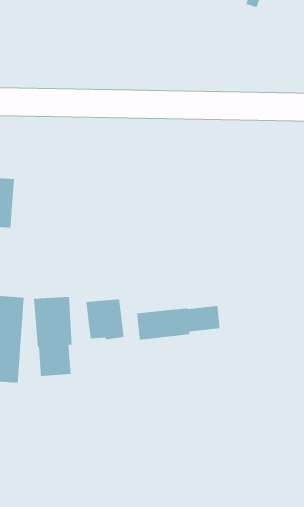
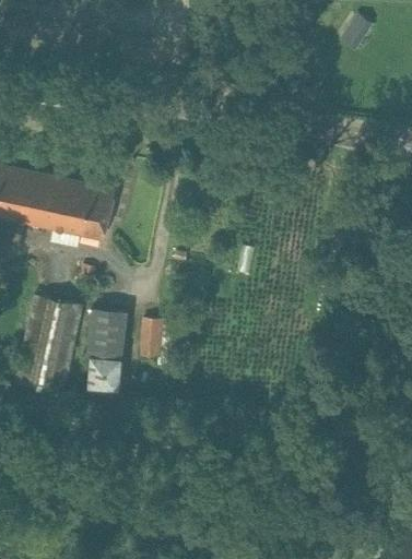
building: none -> [78,185,115,239]
building: [136,305,220,341] -> none

